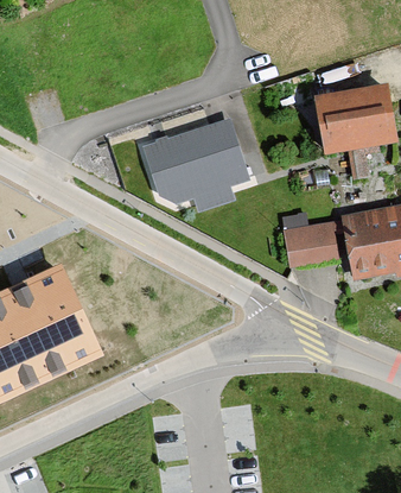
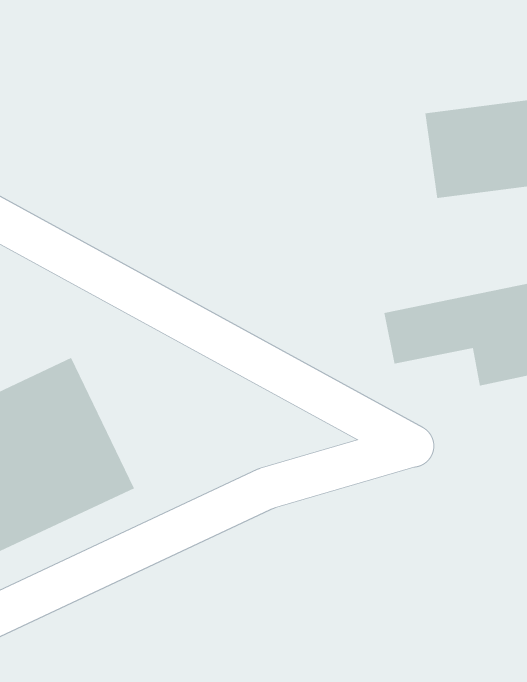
building: [148,124,254,217] -> none

